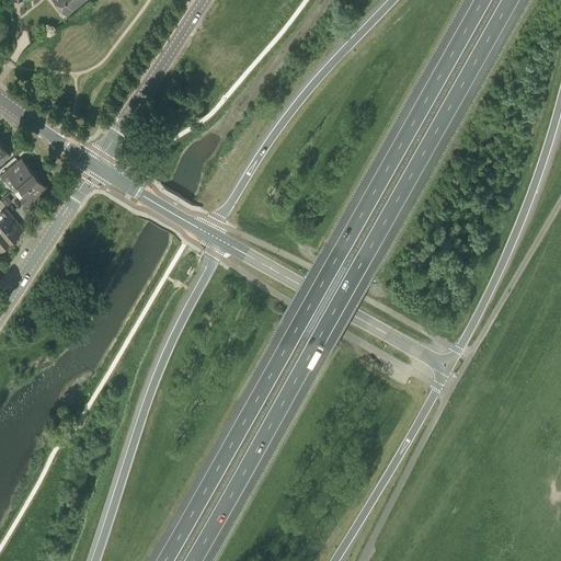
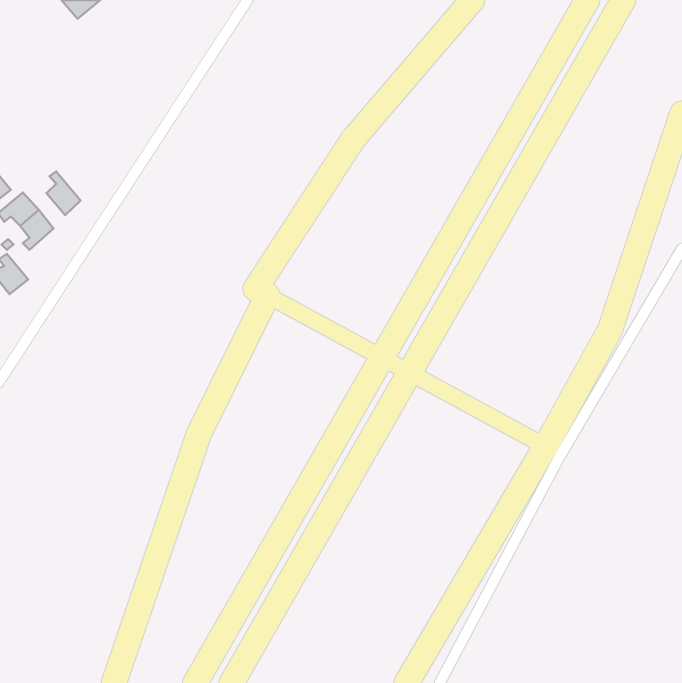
building: none -> [46,171,81,215]

